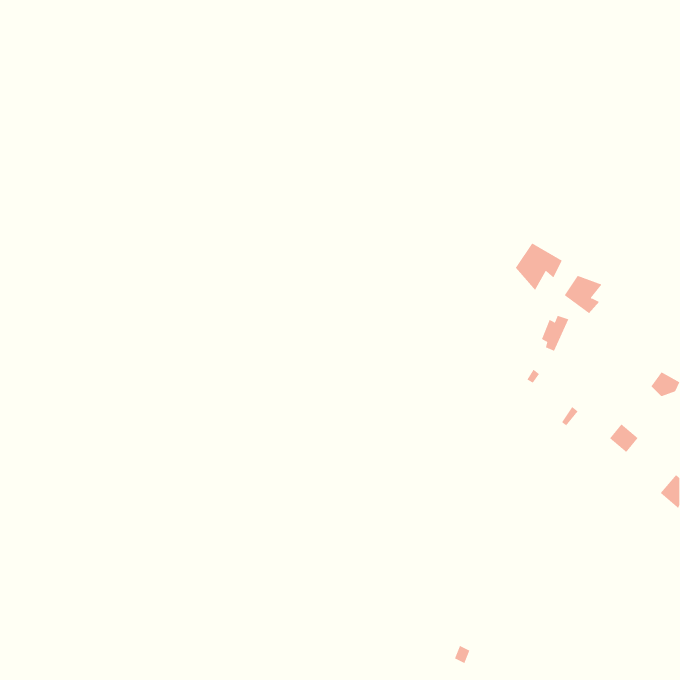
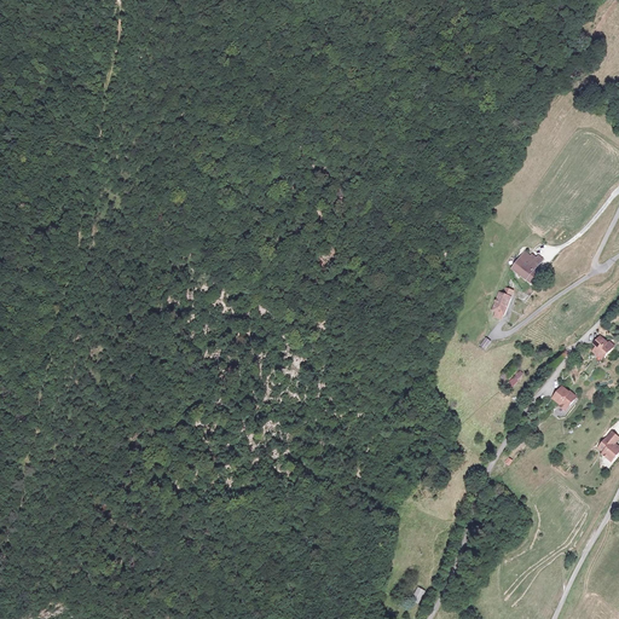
building: [515,242,563,291] -> none

